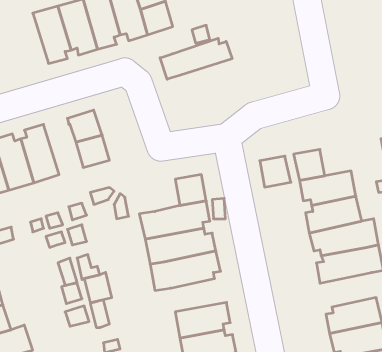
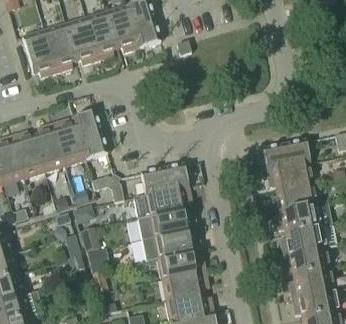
building: none -> [22,31,56,78]
building: [160,38,232,79] -> none
building: none -> [52,120,85,166]
building: [260,156,291,187] -> [283,141,309,167]
building: none -> [140,170,166,197]
building: none -> [283,248,330,277]
building: none -> [158,253,205,281]

